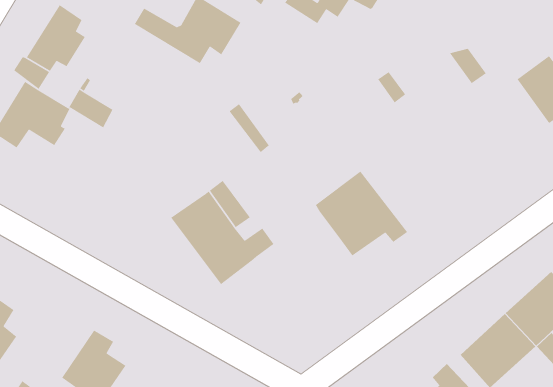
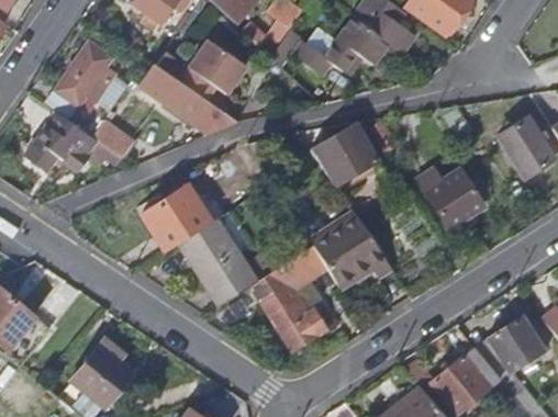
building: none -> [138,63,238,134]
building: none -> [312,125,378,193]
building: none -> [419,169,487,229]
building: none -> [142,184,212,251]
building: none -> [250,245,328,351]

